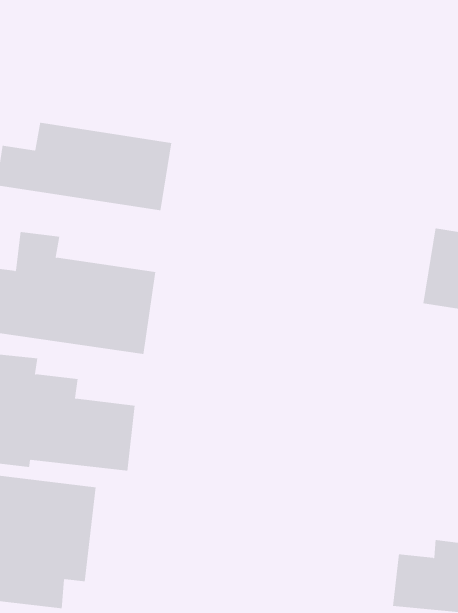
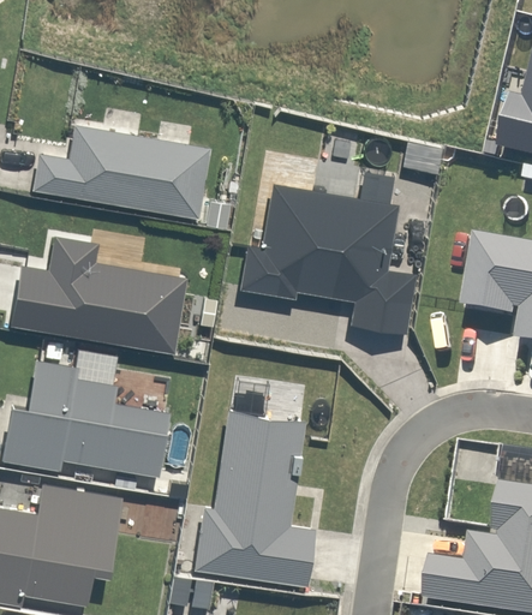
building: none -> [228,187,419,344]
building: none -> [193,411,312,578]

